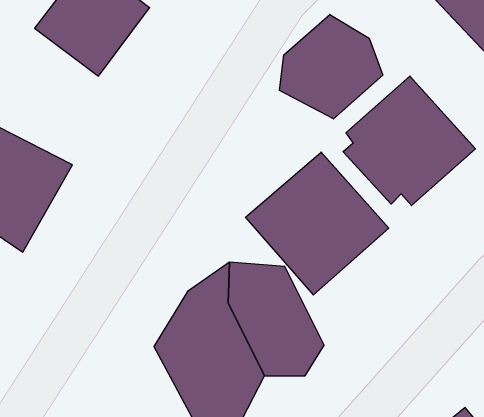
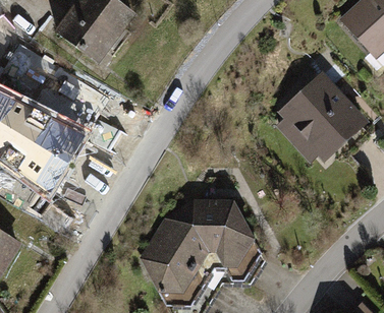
building: [279,14,383,119] -> none
building: [246,152,389,295] -> none

